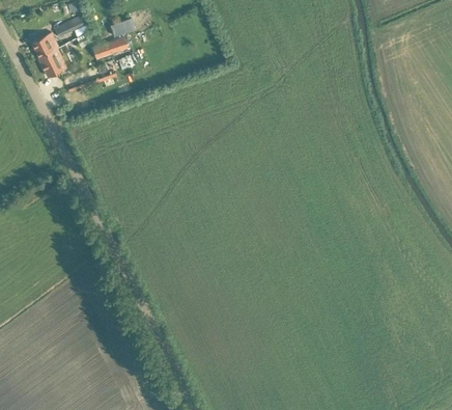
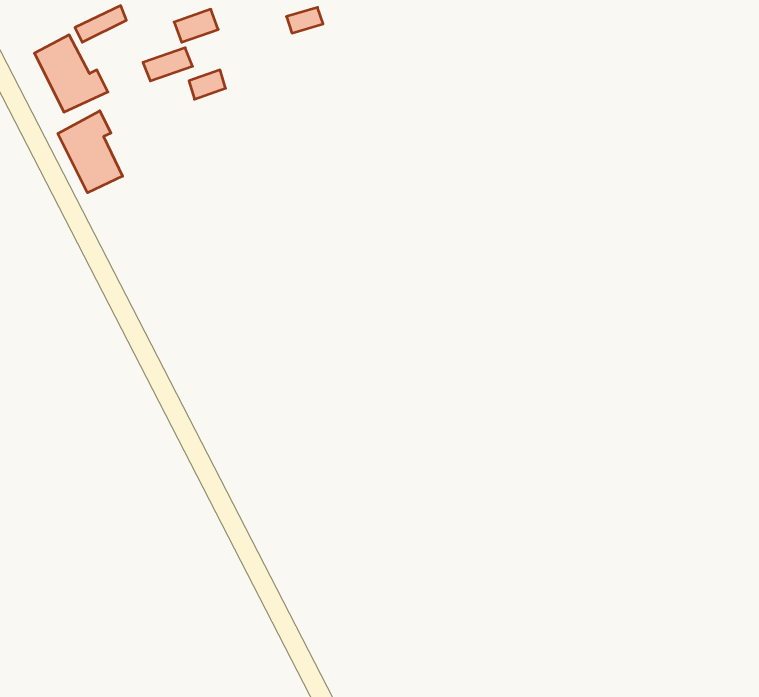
building: none -> [58,111,123,193]

